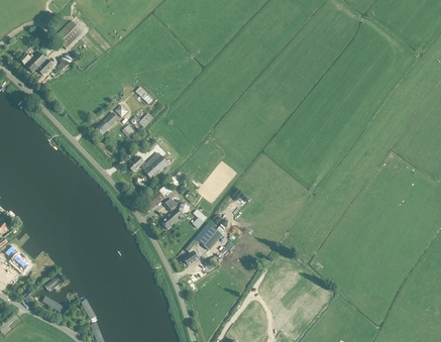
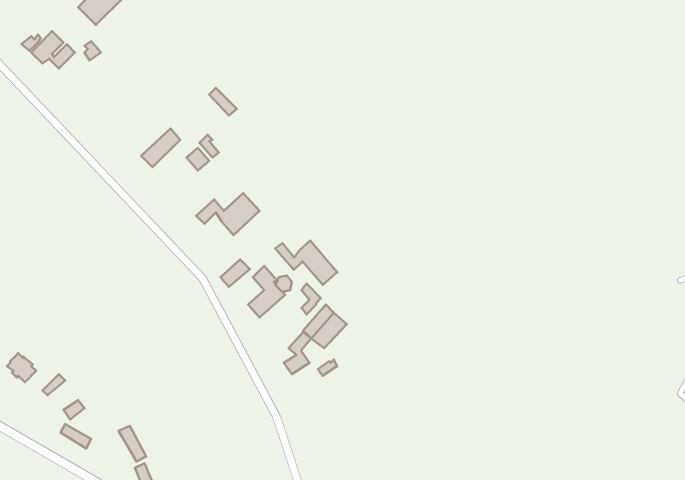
building: none -> [275,241,337,285]

